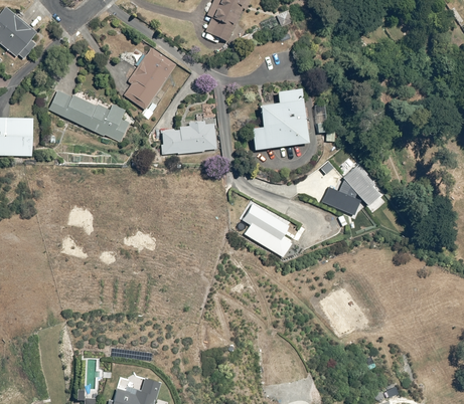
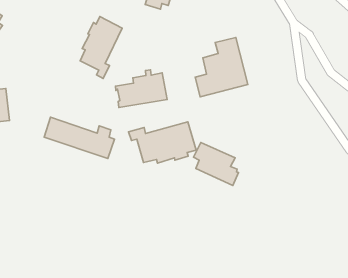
building: [47,87,128,142] -> [44,117,115,158]
building: [319,164,376,214] -> none
building: none -> [129,122,196,163]

